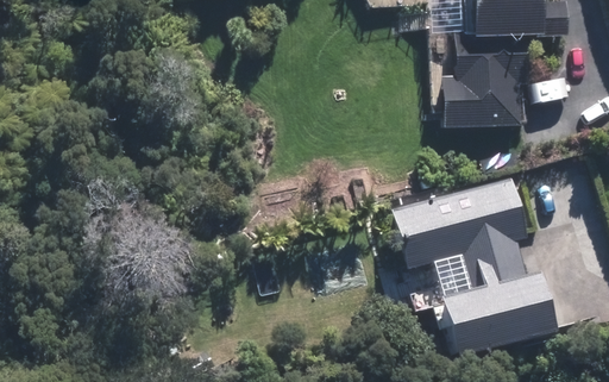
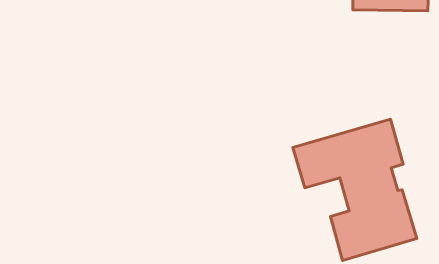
building: [433,52,519,126] -> none

